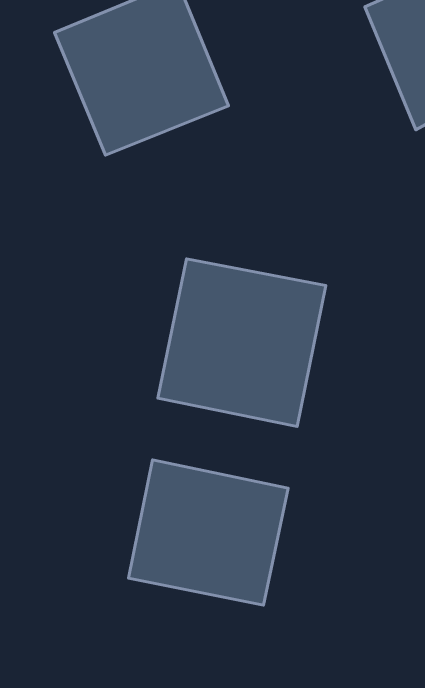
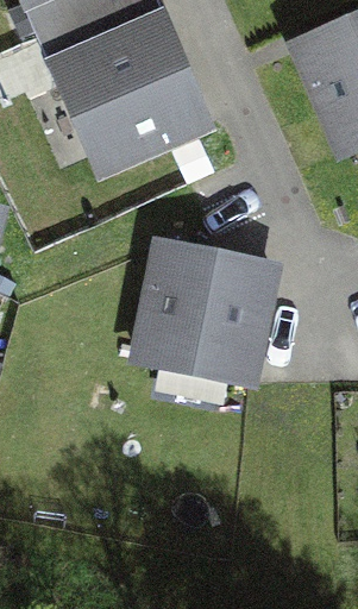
building: [128,460,288,605] -> none

